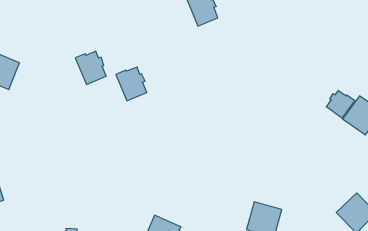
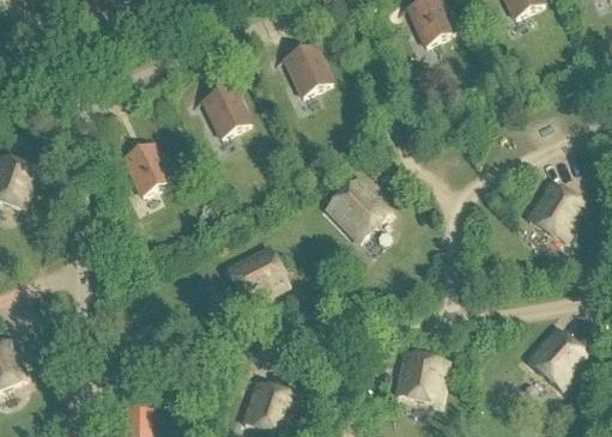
building: [116,67,147,101] -> [201,85,249,136]
building: none -> [326,177,389,241]
building: [326,90,355,118] -> none
building: none -> [225,245,287,305]

